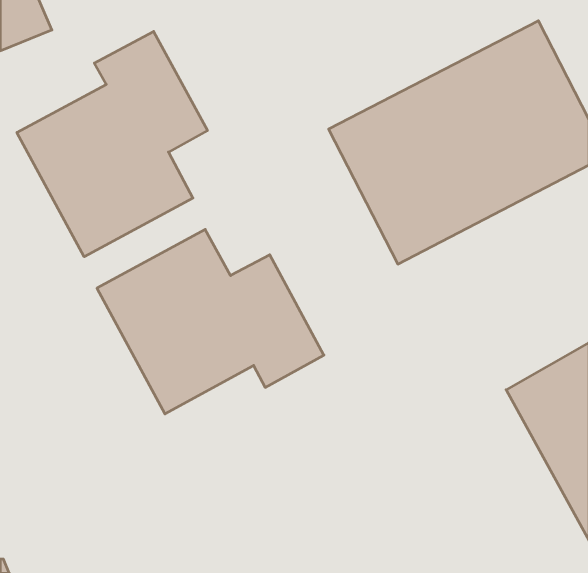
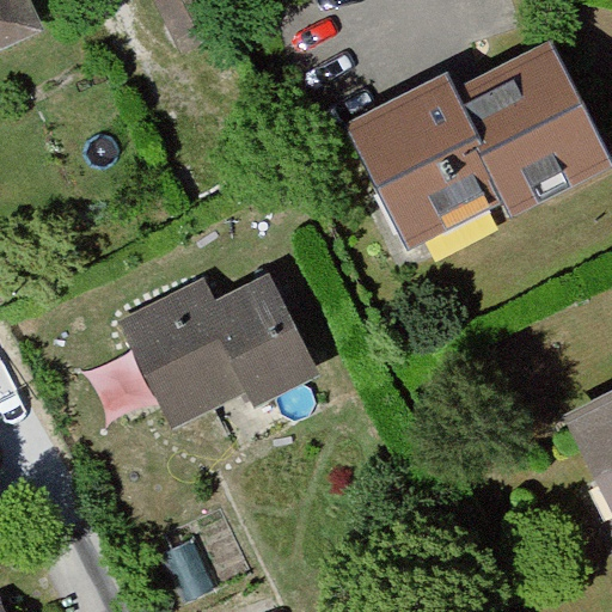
building: [17,31,207,257] -> none

